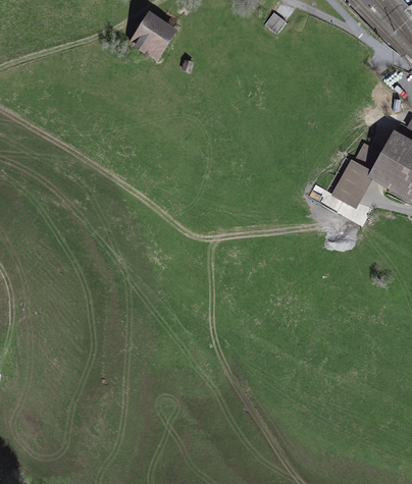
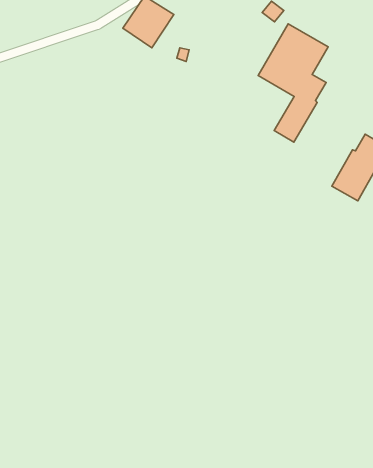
building: none -> [258,24,328,142]

